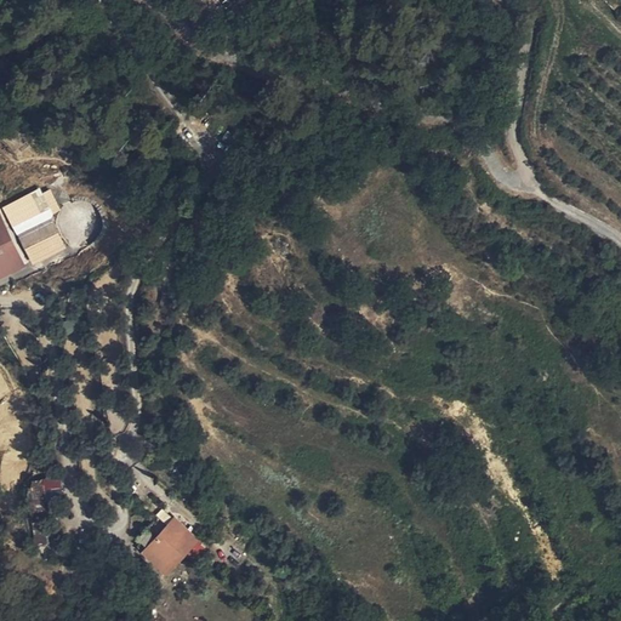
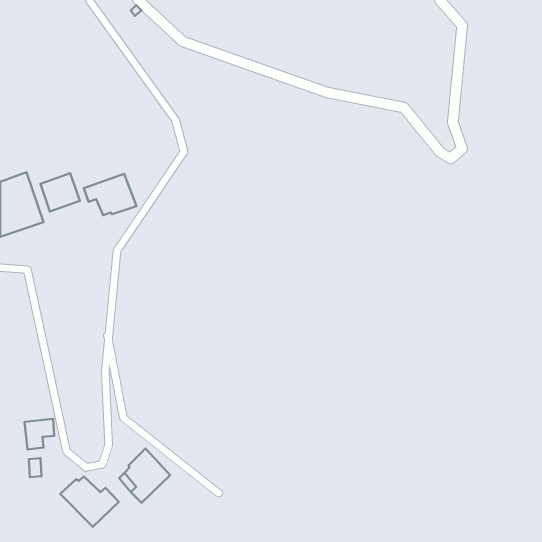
building: none -> [84,174,137,215]
building: none -> [60,476,119,527]

